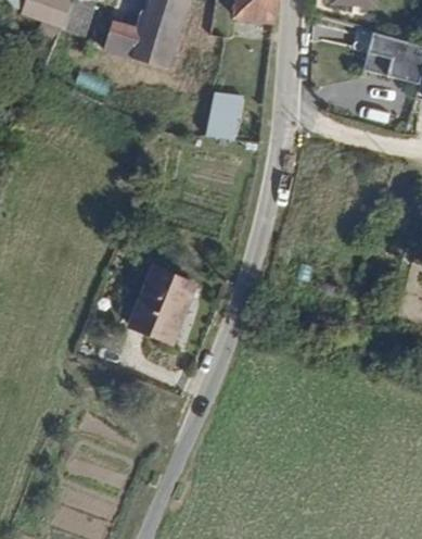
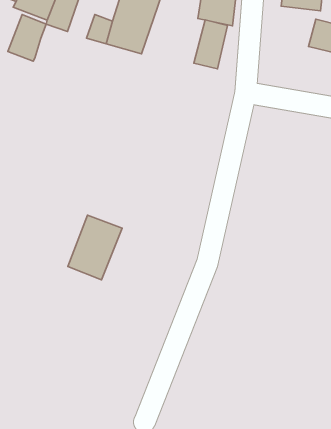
building: none -> [8,14,46,61]
building: [201,89,240,146] -> [194,20,228,69]
building: [138,266,201,341] -> [68,215,122,280]

